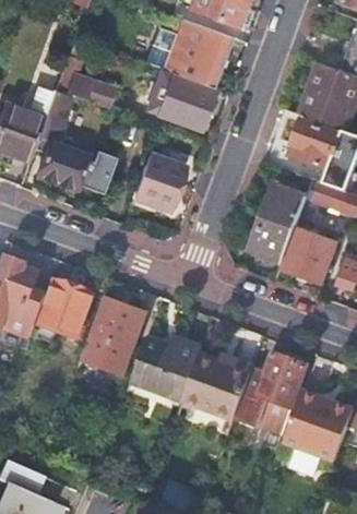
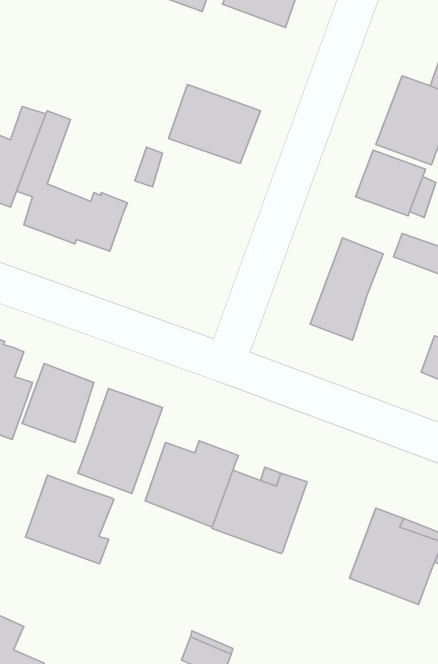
building: [132,21,231,89] -> none
building: [57,56,114,108] -> none
building: [133,154,186,212] -> none
building: [282,228,340,285] -> none
building: [231,354,305,435] -> none
building: none -> [25,475,114,564]

